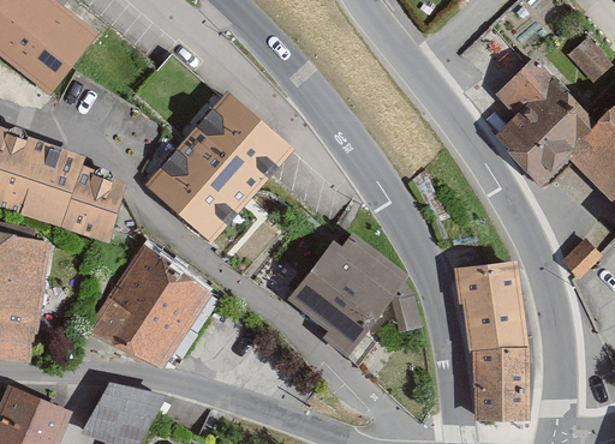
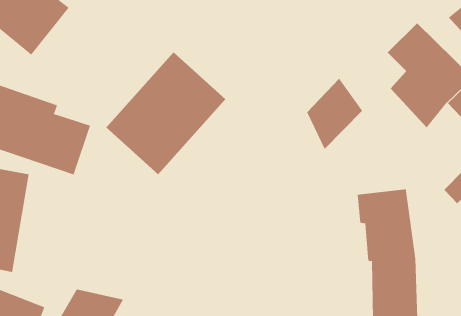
building: none -> [307,78,363,150]
building: [287,232,422,359] -> none
building: [85,244,211,370] -> none

